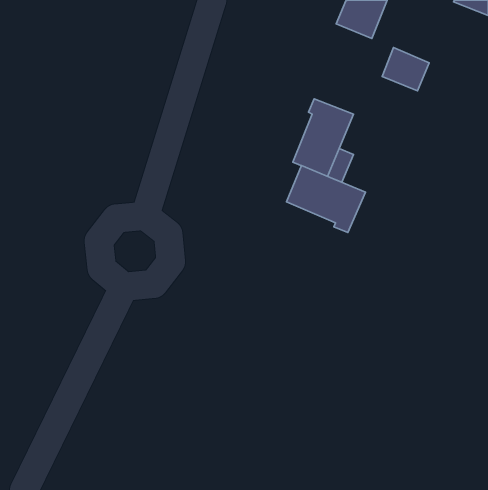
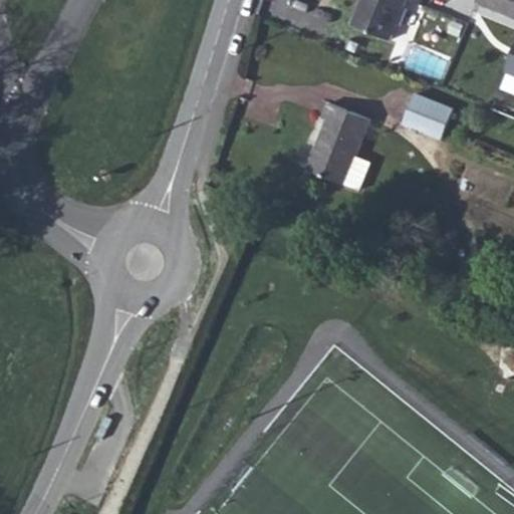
building: [382,48,429,91] -> [403,93,452,139]
building: [287,166,366,233] -> none

